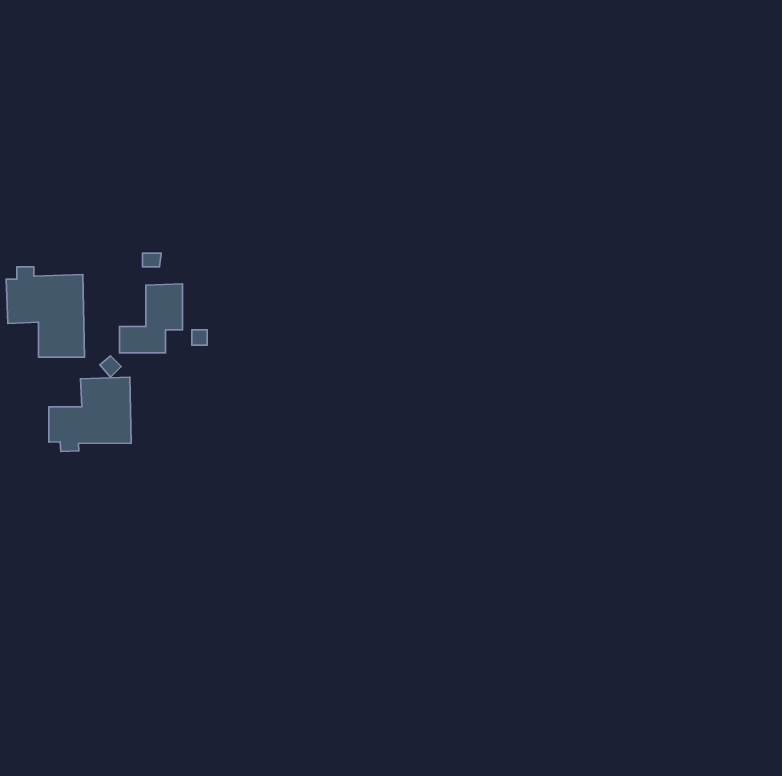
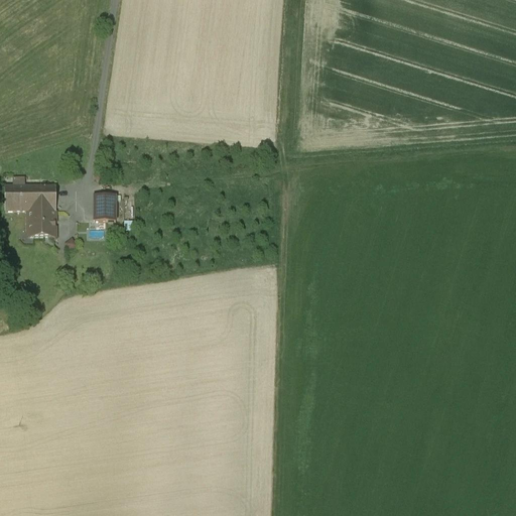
building: [49,377,131,451] -> none

